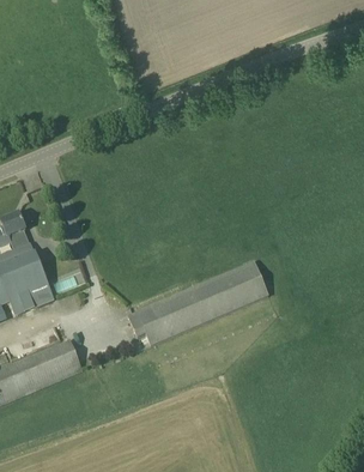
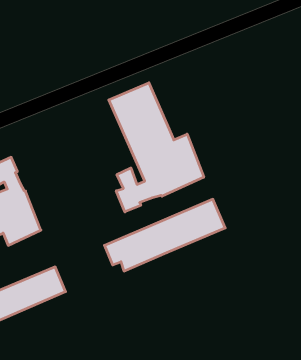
building: none -> [109,83,204,212]

